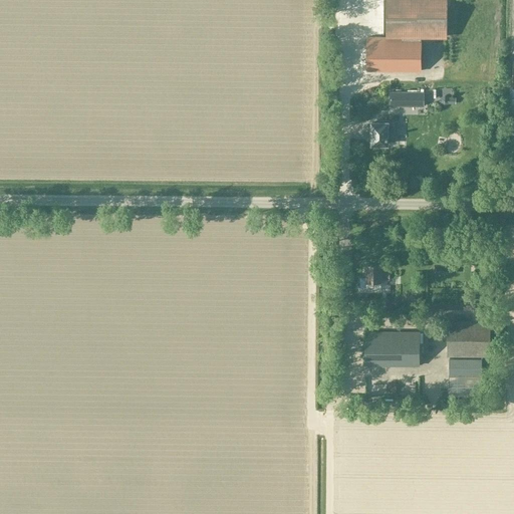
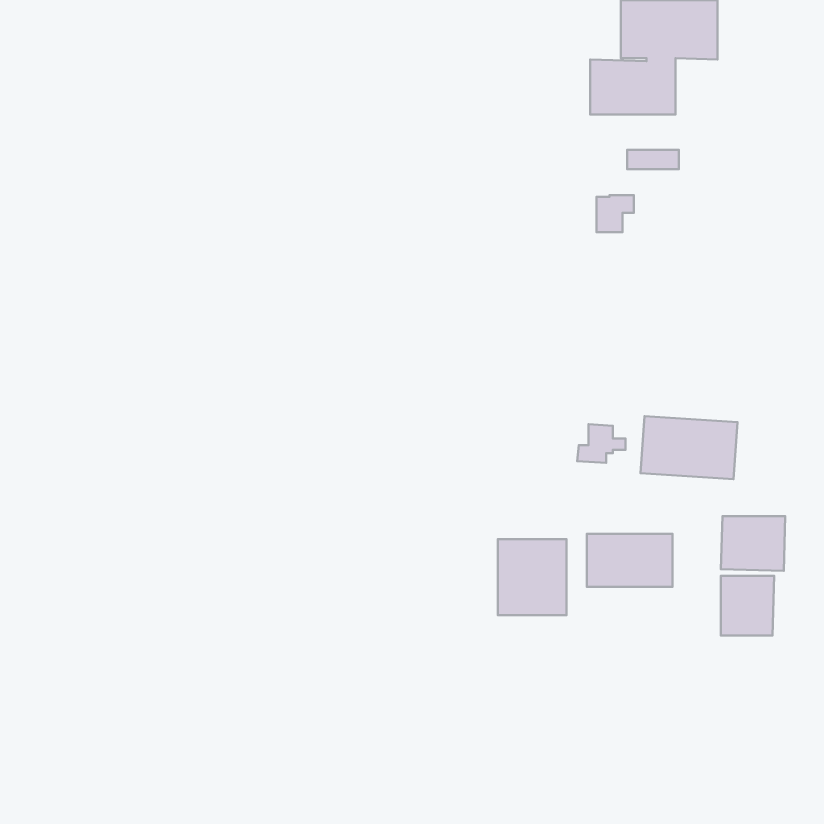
building: none -> [641,416,737,479]
building: none -> [498,539,567,615]

